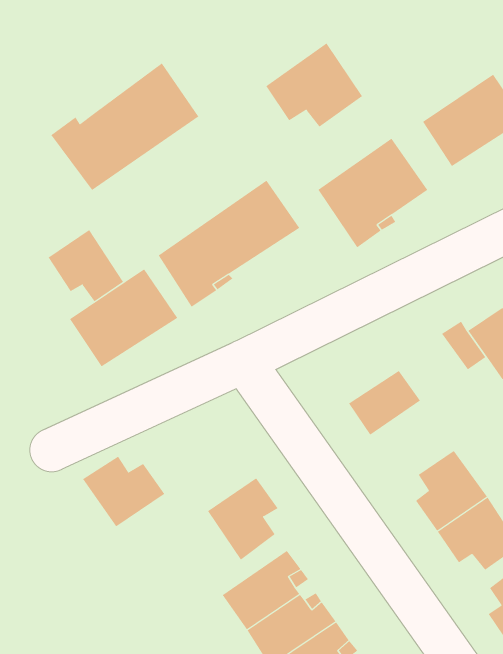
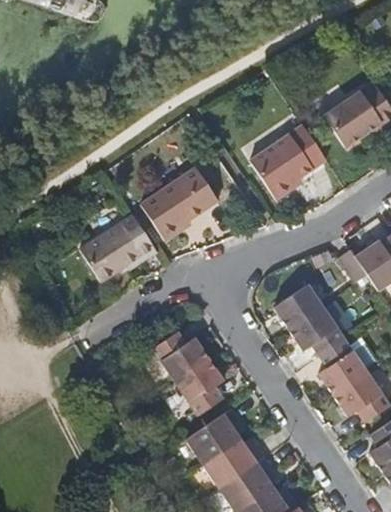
building: [265,43,363,127] -> none
building: [50,63,199,191] -> none
building: [48,229,124,302] -> none
building: none -> [287,305,345,356]
building: [82,456,165,527] -> [152,332,209,381]

